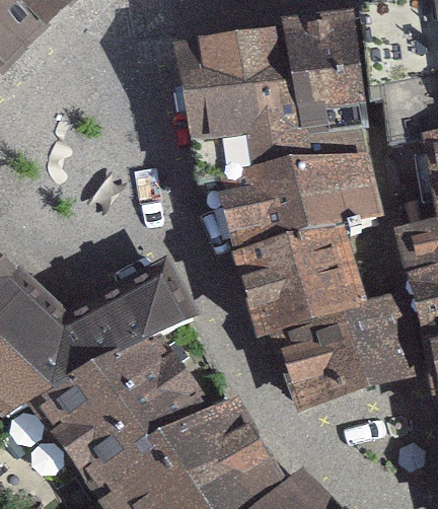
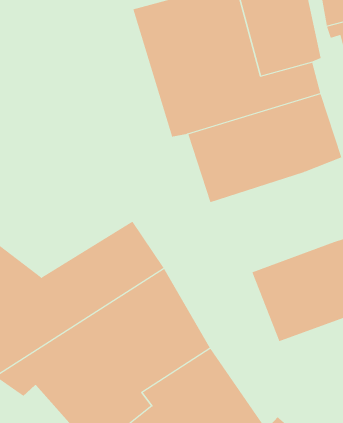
building: [242,237,364,338] -> none

